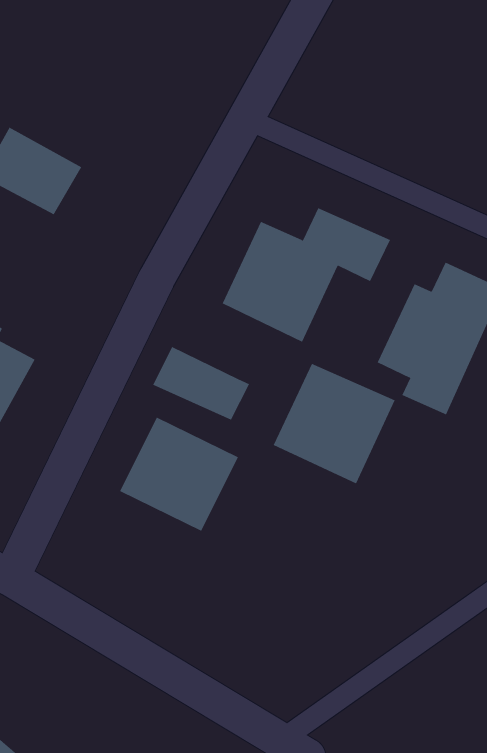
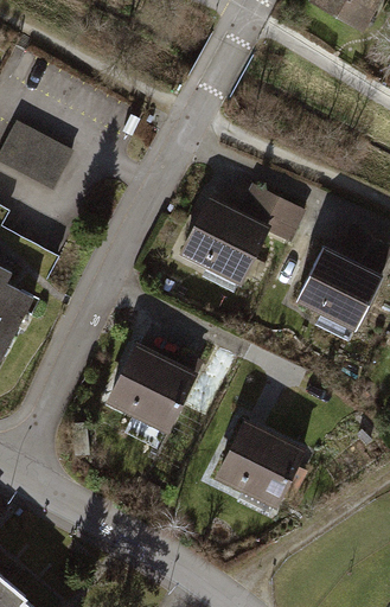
building: [153,346,250,421] -> none
building: [273,363,395,484] -> [209,417,302,510]

